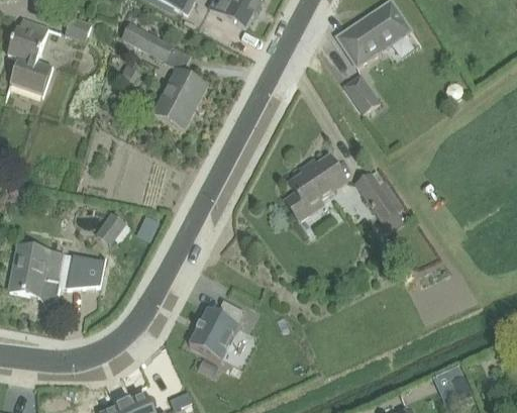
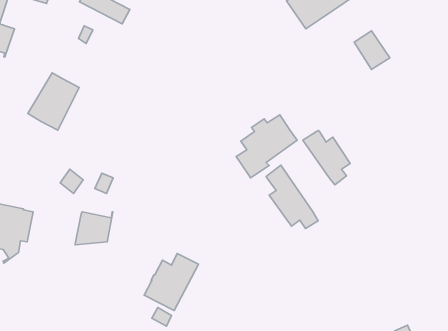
building: [152,69,206,128] -> [28,73,79,130]
building: [341,74,379,114] -> [354,31,390,69]
building: none -> [266,165,318,228]
building: [67,254,106,289] -> [75,212,113,245]

